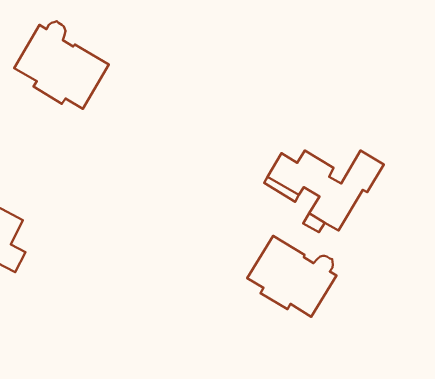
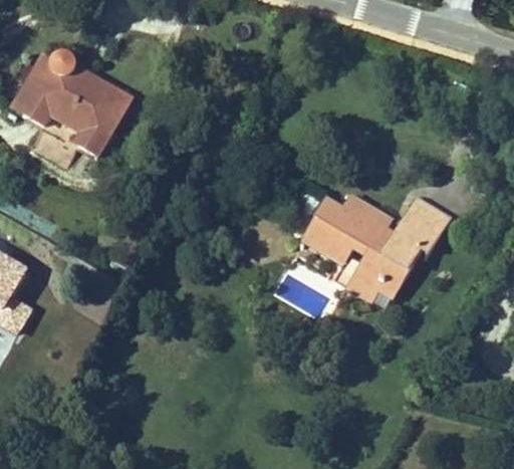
building: [247,236,337,317] -> none

